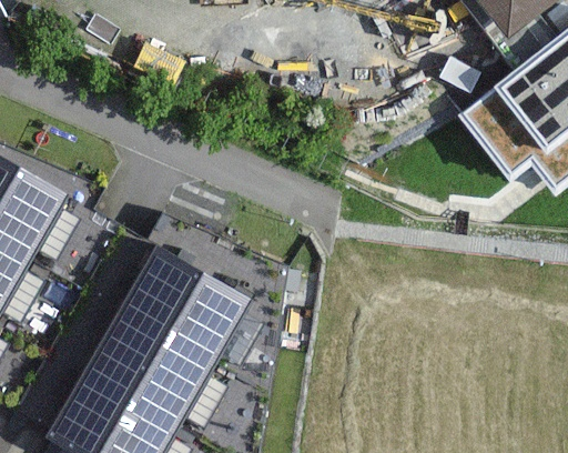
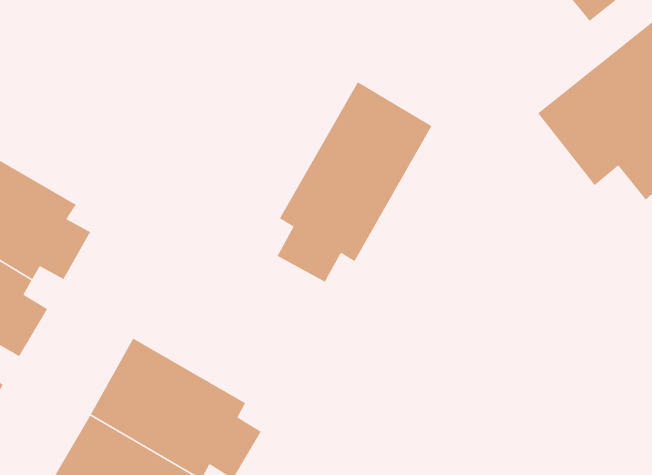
building: none -> [277,81,433,283]
building: [119,243,265,363] -> none

